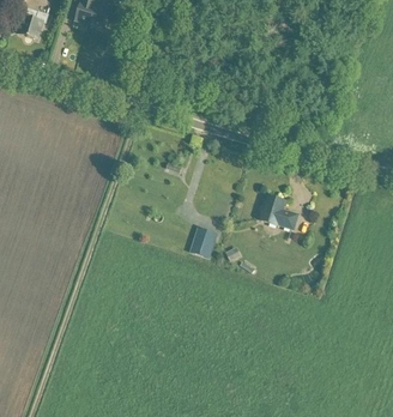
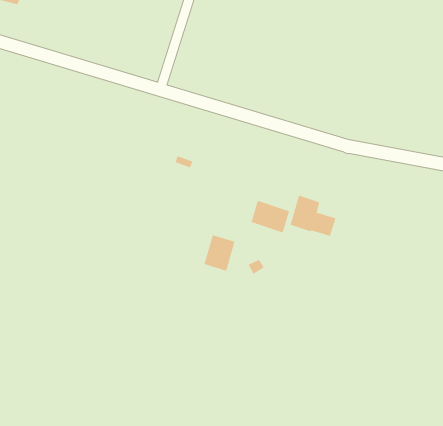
building: none -> [250,200,290,233]

